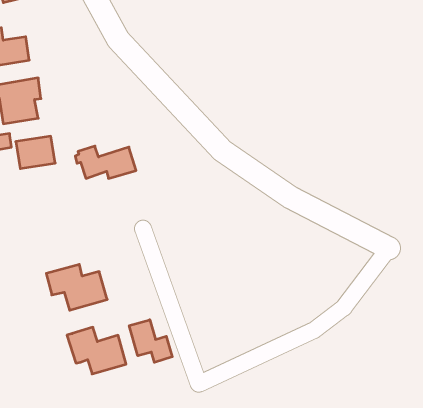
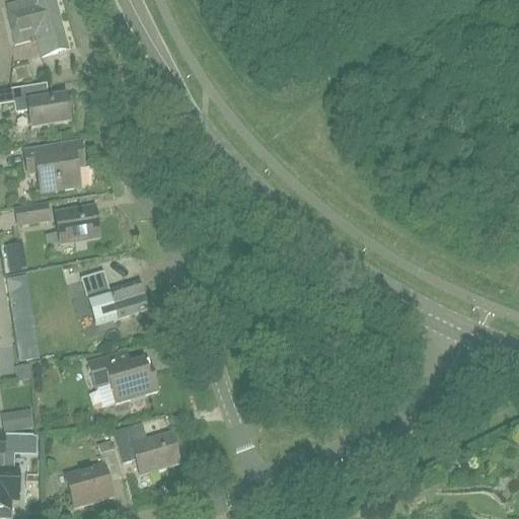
building: [75,146,136,178] -> [78,280,147,316]
building: [129,320,172,362] -> none
building: none -> [64,438,122,506]

